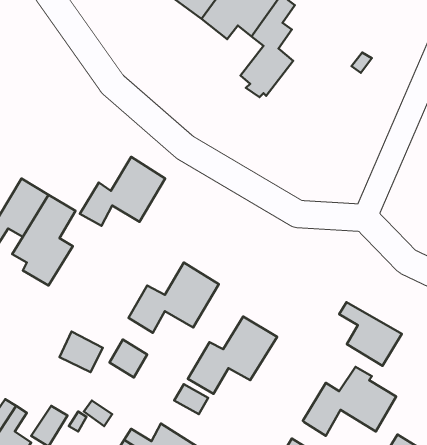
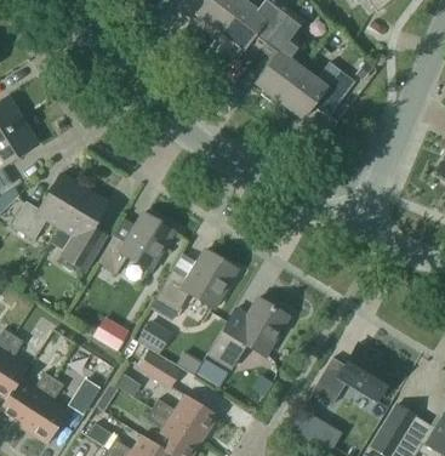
building: none -> [279,62,355,119]
building: [80,157,165,226] -> [97,212,173,274]
building: [339,302,402,366] -> none
building: none -> [137,350,182,389]

